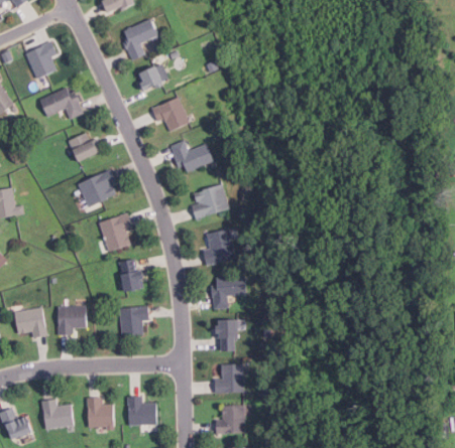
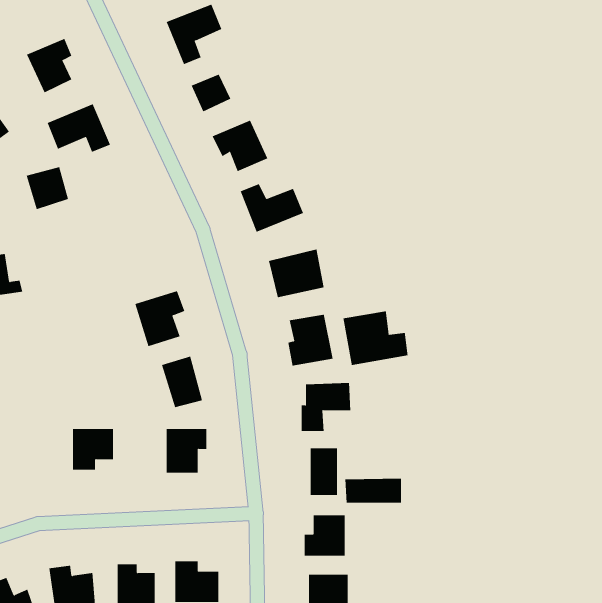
building: [70,132,99,161] -> [26,167,69,210]
building: [79,170,120,206] -> none
building: none -> [343,310,408,366]
building: [15,307,46,337] -> none
building: none -> [345,478,402,503]

